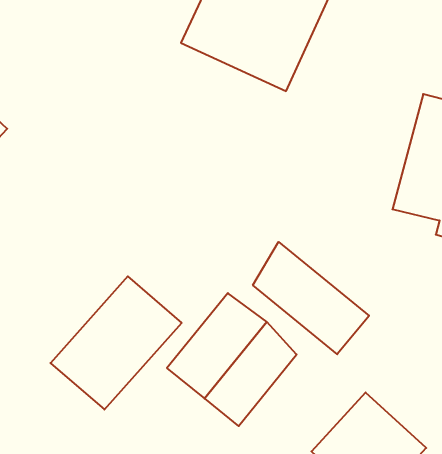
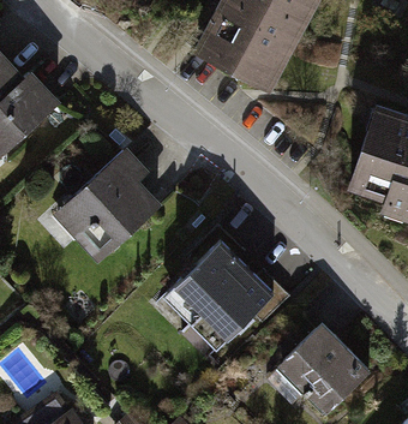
building: [253,242,369,354] -> none
building: [50,276,182,410] -> [59,160,162,262]

